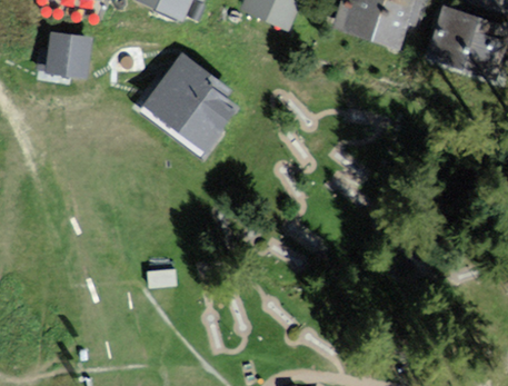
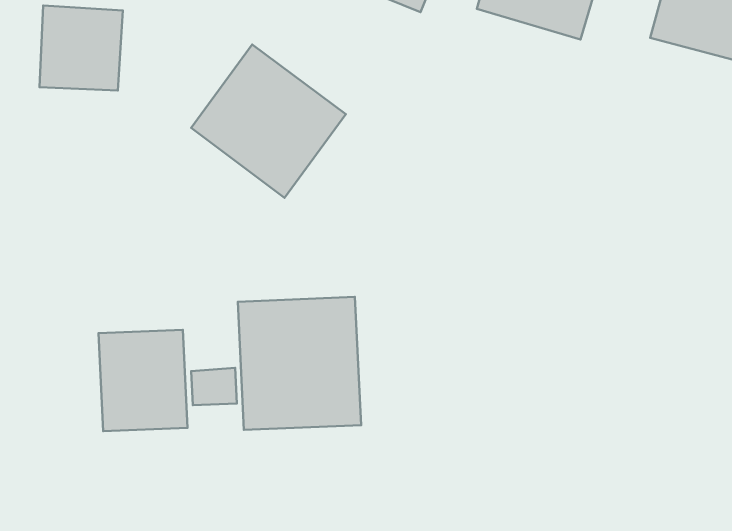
building: none -> [238,297,361,430]
building: none -> [98,330,188,431]

